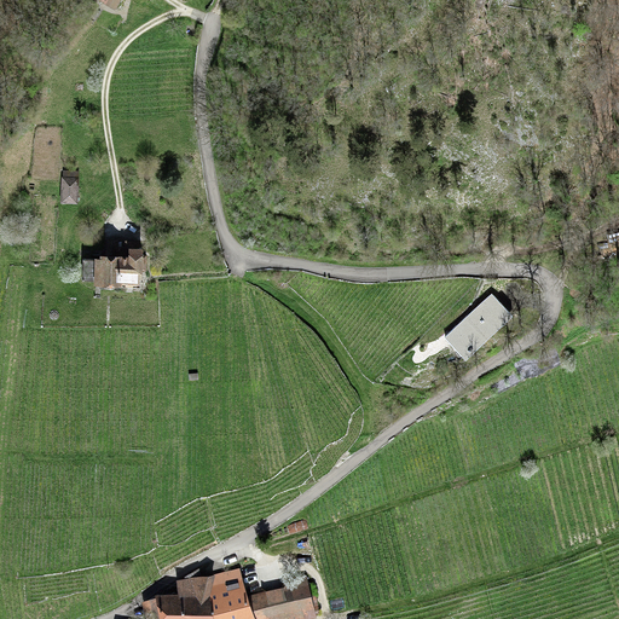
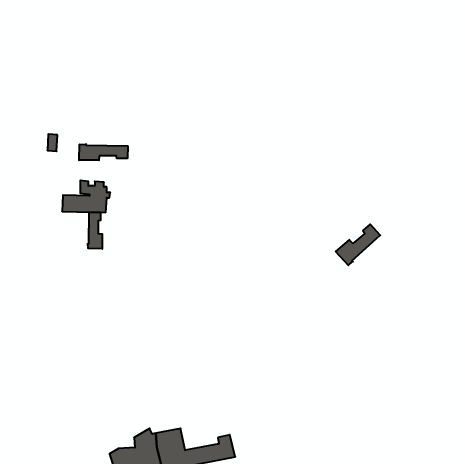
building: none -> [79,144,128,160]
building: none -> [88,212,102,249]

